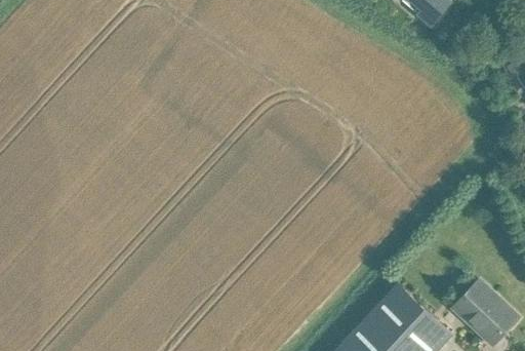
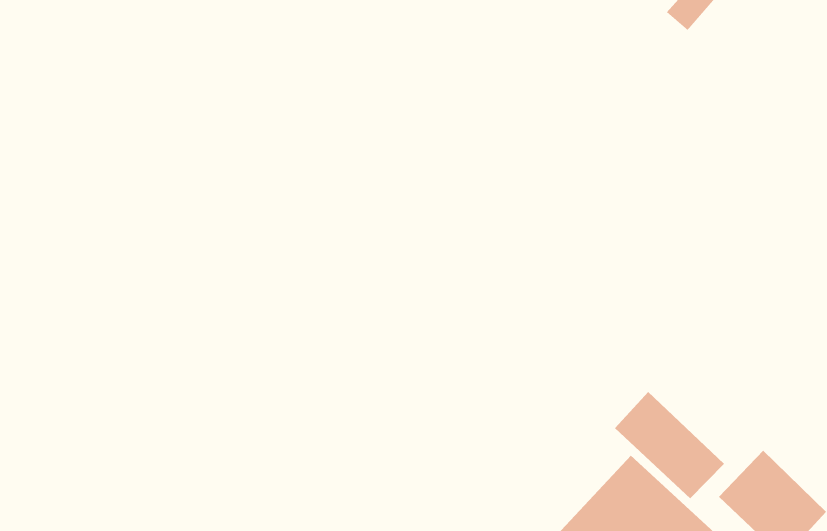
building: none -> [614,391,725,499]

